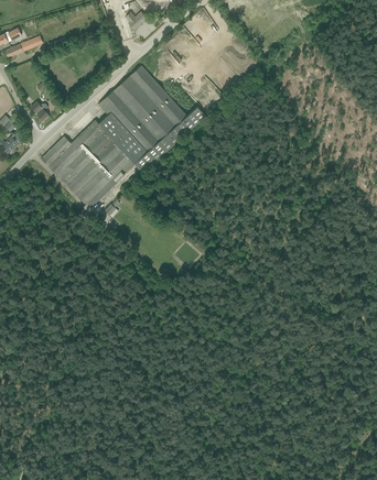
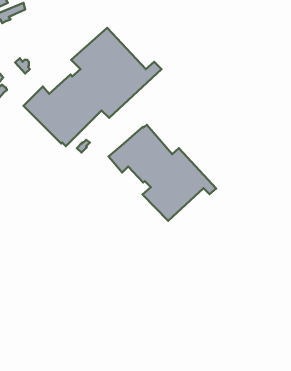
building: none -> [109,125,216,221]

